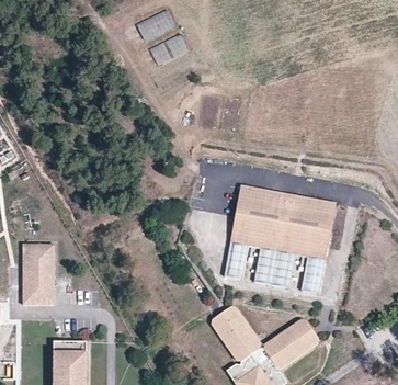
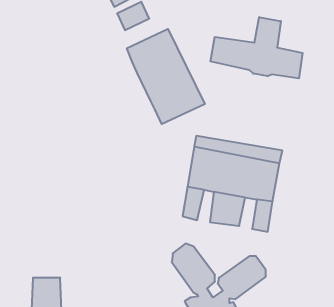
building: none -> [210,17,303,78]
building: none -> [127,29,205,124]
building: [23,245,54,306] -> none

